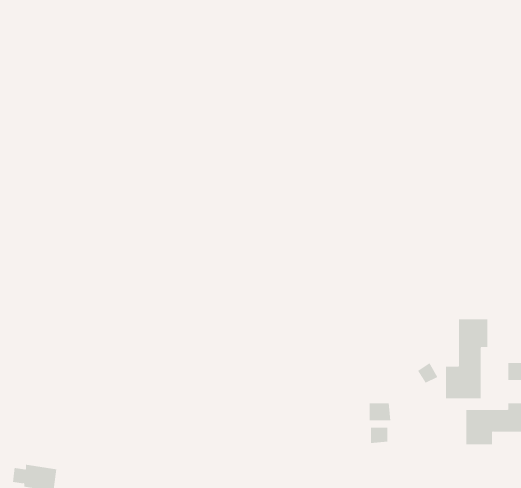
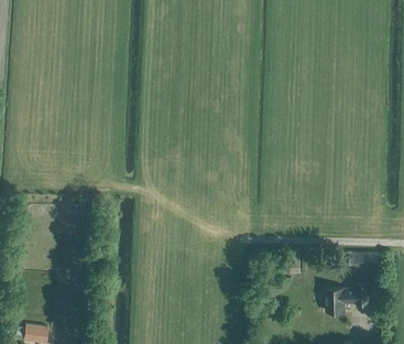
building: [445,318,488,399] -> none

